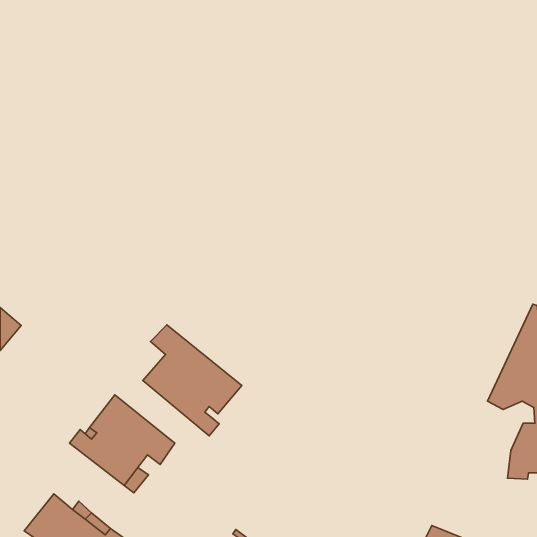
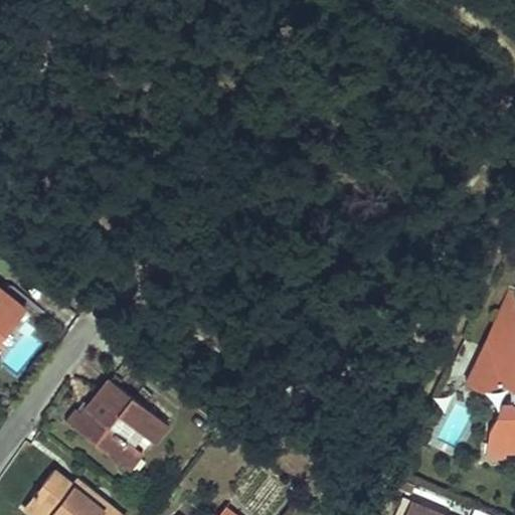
building: [143,325,242,436] -> none

